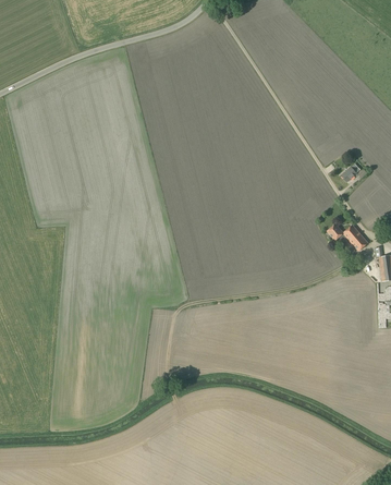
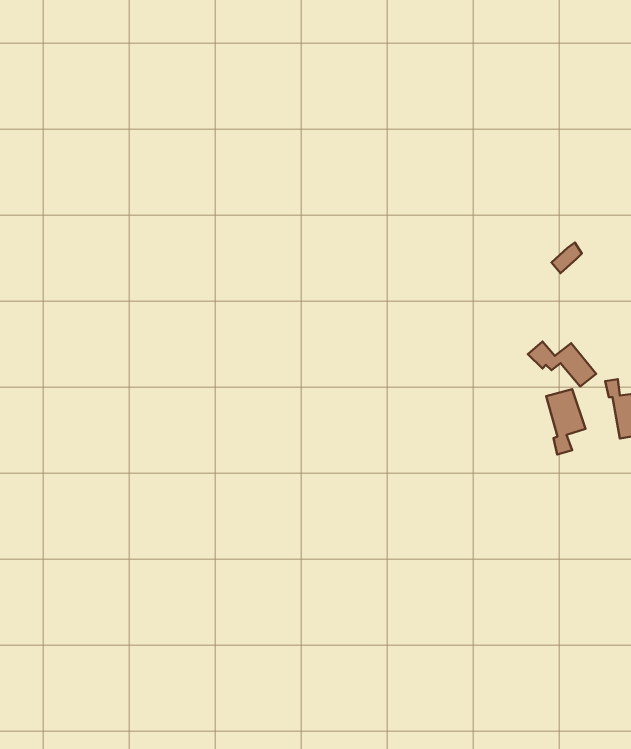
building: none -> [546,389,586,454]

